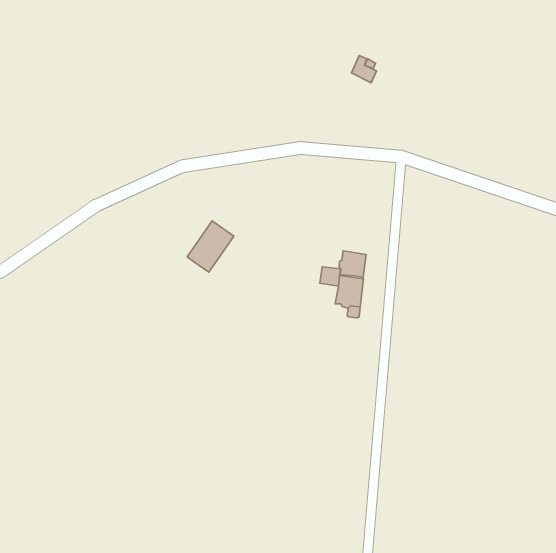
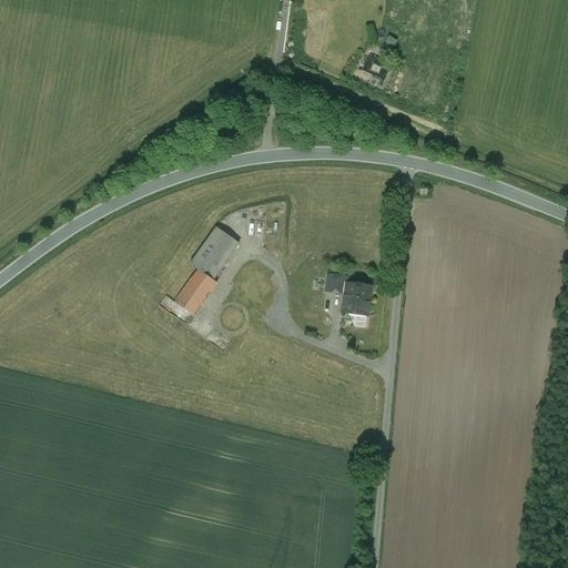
building: [339,251,366,277] -> none
building: none -> [175,267,216,313]

